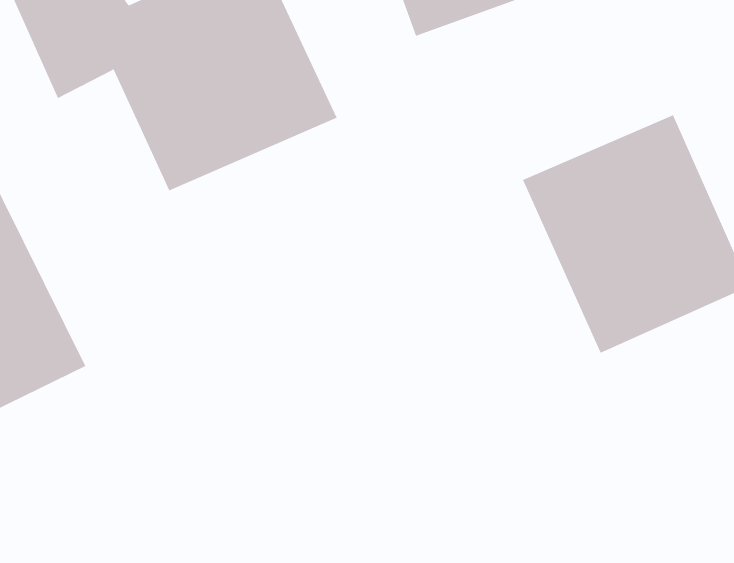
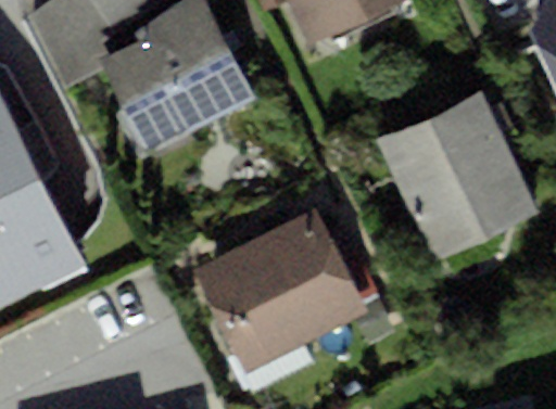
building: none -> [195,214,368,373]

